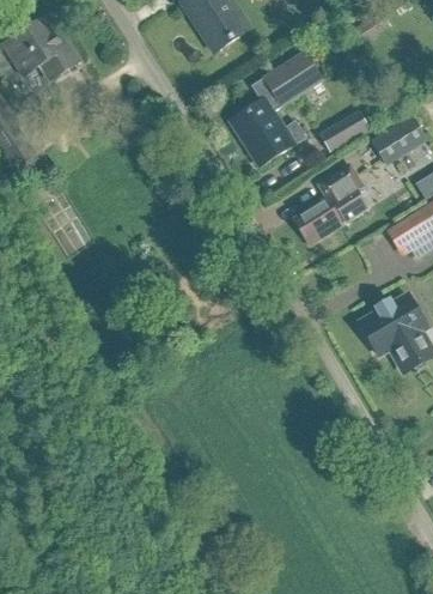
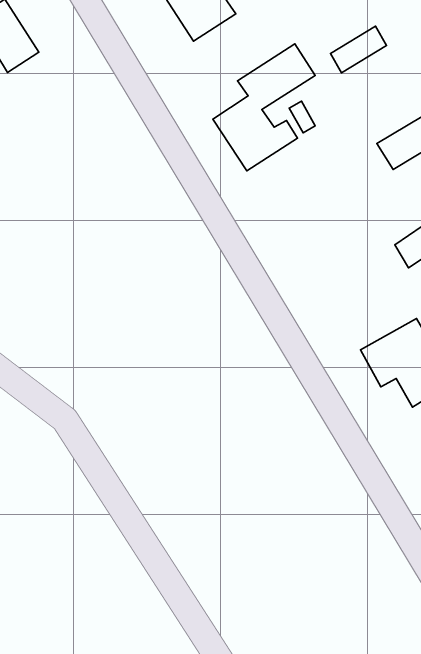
building: [319,110,368,151] -> [330,26,387,73]
building: [292,164,367,246] -> none

